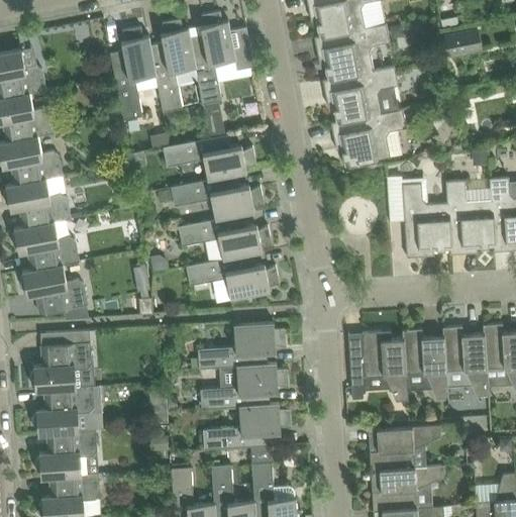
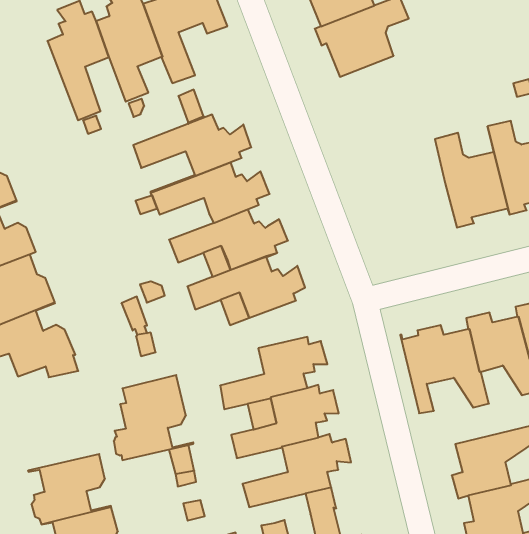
building: [331,109,407,167] -> none
building: [387,178,405,222] -> none
building: [31,330,94,390] -> [114,375,193,460]

